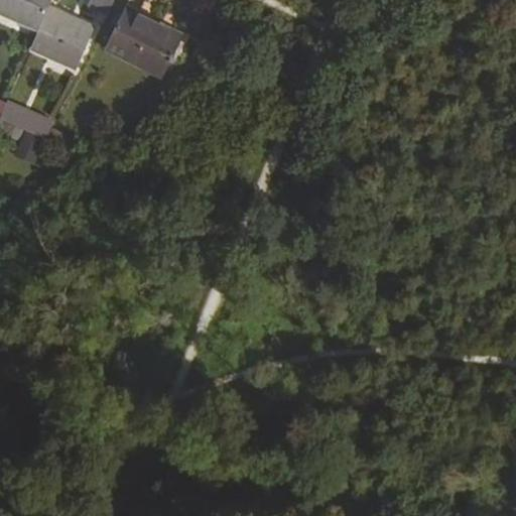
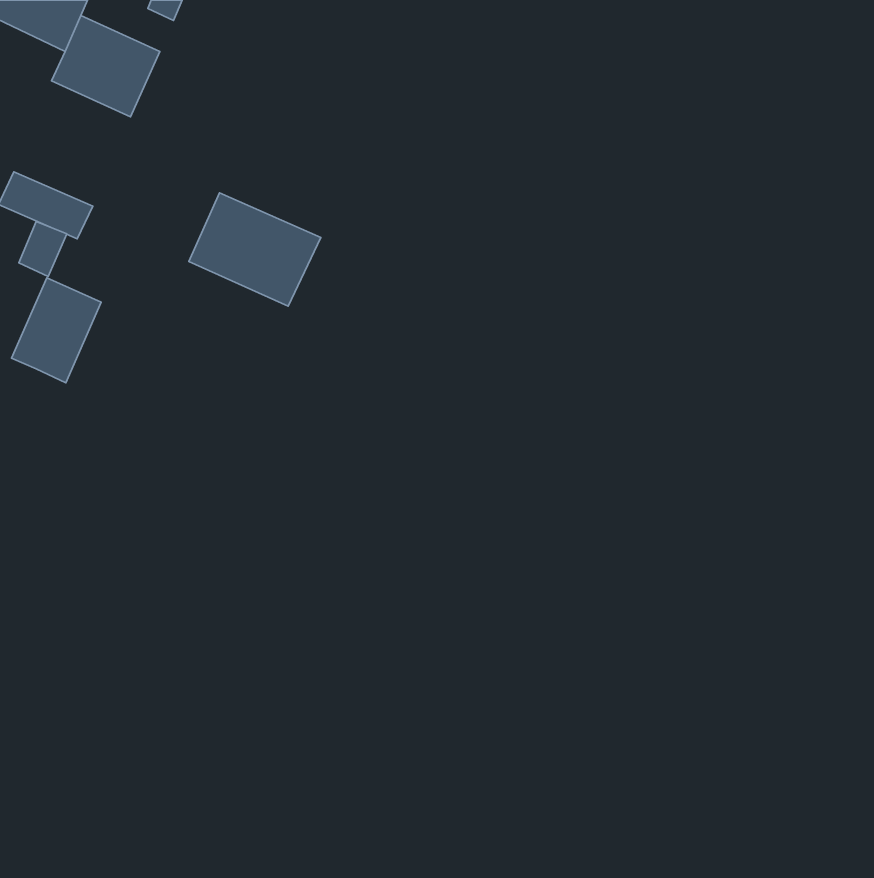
building: [102,5,179,72] -> [189,193,321,306]
building: none -> [11,278,101,383]

